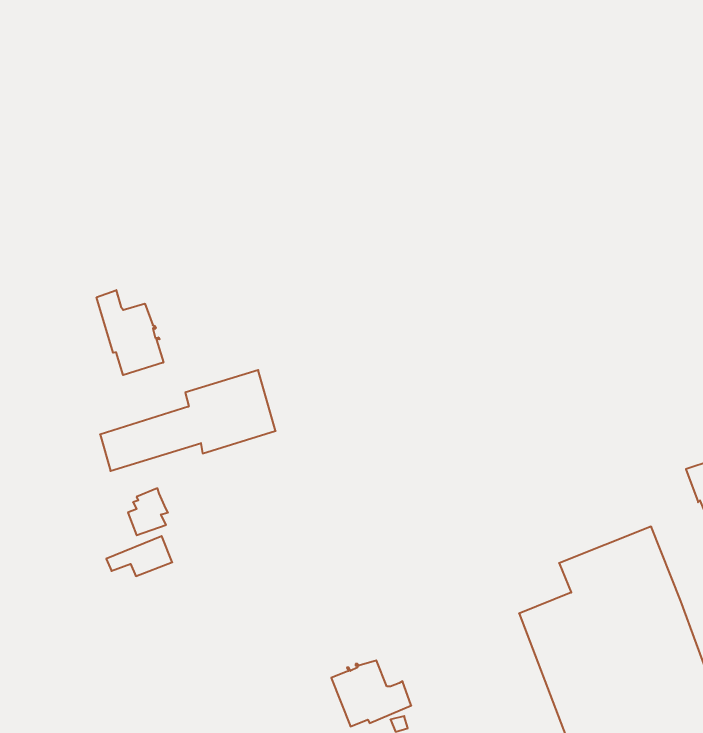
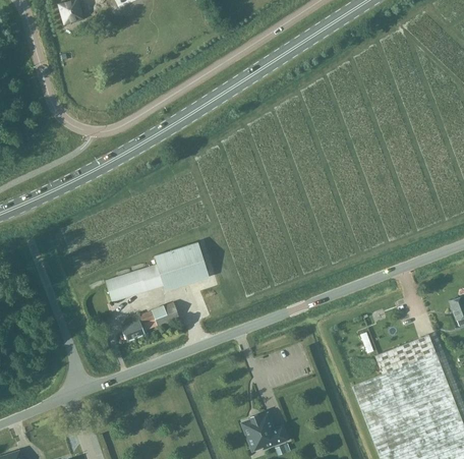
building: [97,290,163,375] -> none
building: [106,536,172,576] -> [141,302,180,326]

